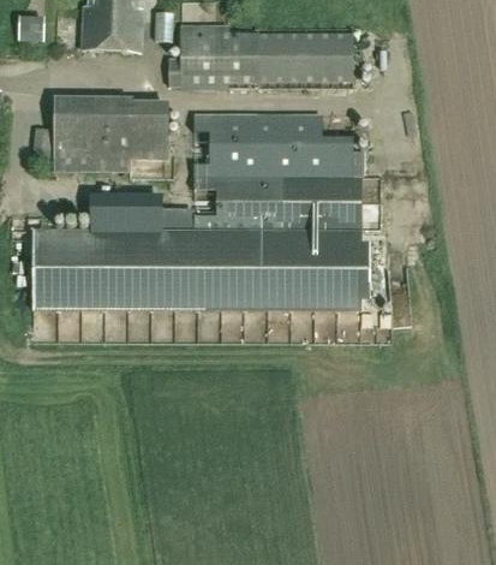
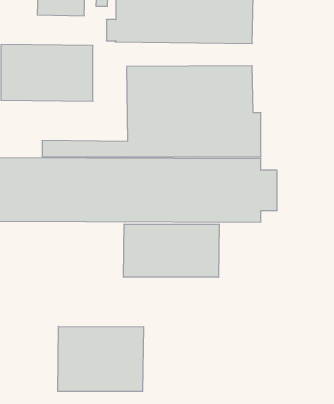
building: none -> [124,224,219,277]
building: none -> [58,326,143,392]

